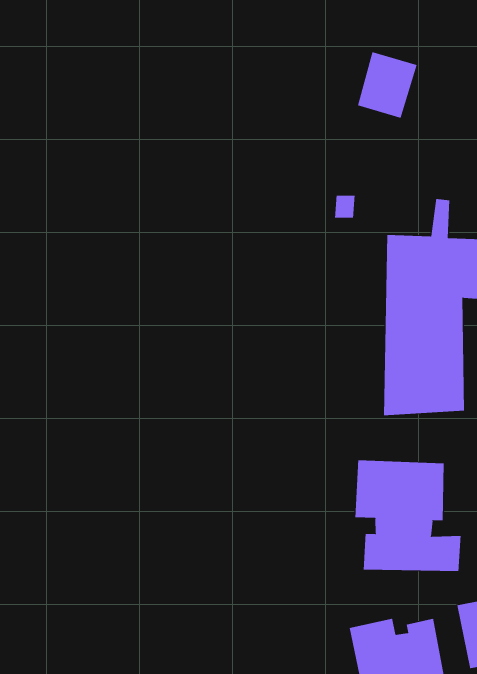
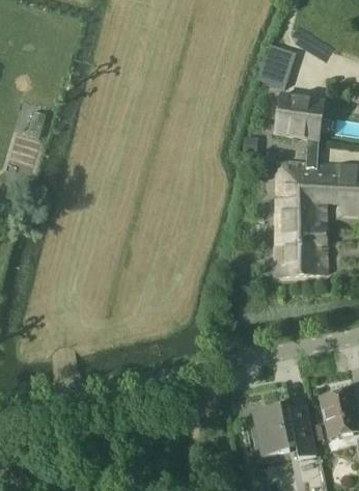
building: none -> [274,93,323,138]
building: [355,459,461,572] -> none

